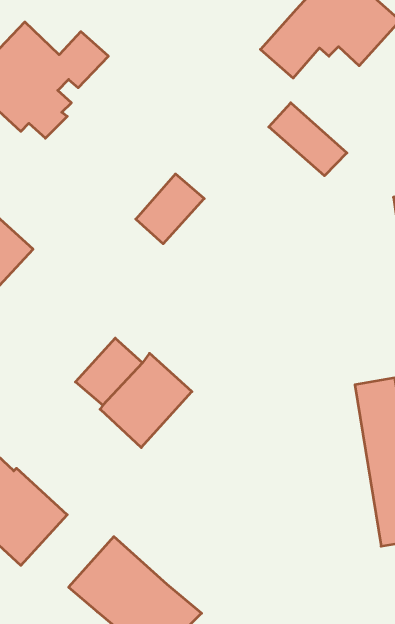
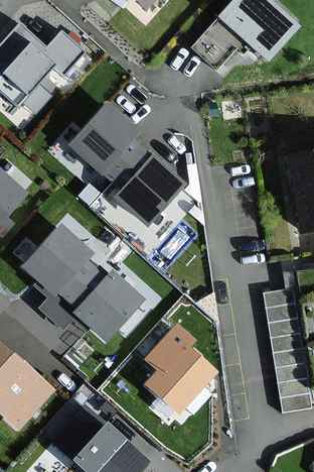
building: [269,103,347,176] -> none
building: none -> [71,105,137,171]
building: none -> [117,156,182,223]
building: none -> [23,225,93,294]
building: none -> [148,327,214,411]

